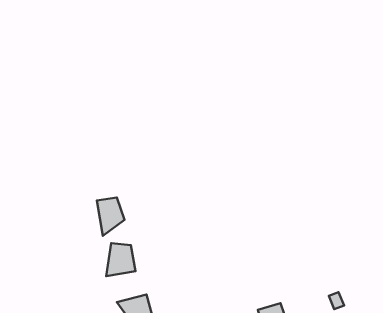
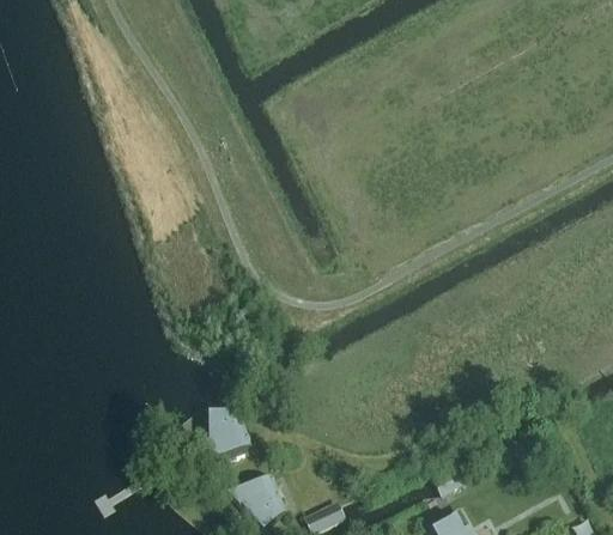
building: [97,197,125,236] -> none

